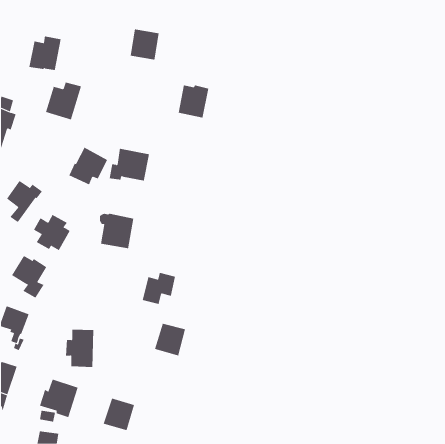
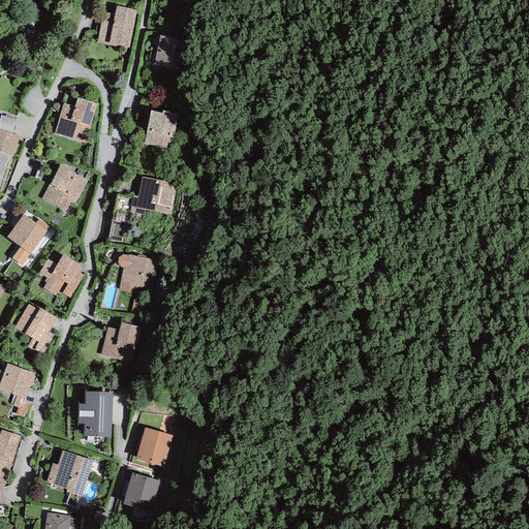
building: [29,36,62,71] -> [97,5,136,46]
building: [178,85,209,118] -> [144,110,181,149]
building: [69,147,108,185] -> [41,164,88,210]
building: [142,272,176,304] -> [100,321,141,360]
building: [154,323,186,356] -> [135,427,173,466]

